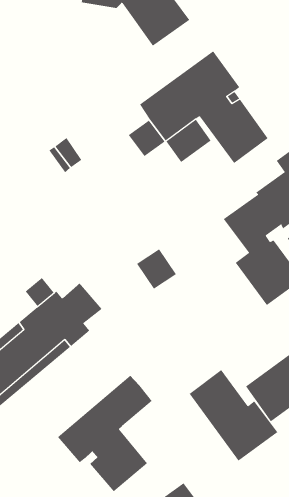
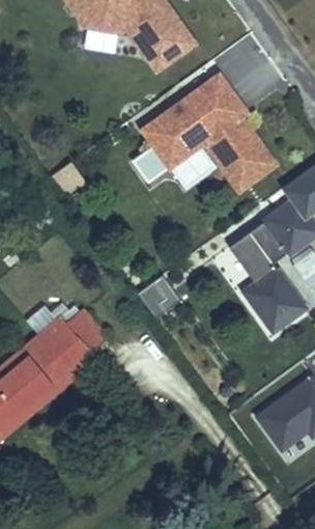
building: [189,369,278,461] -> none
building: [57,375,153,492] -> none

